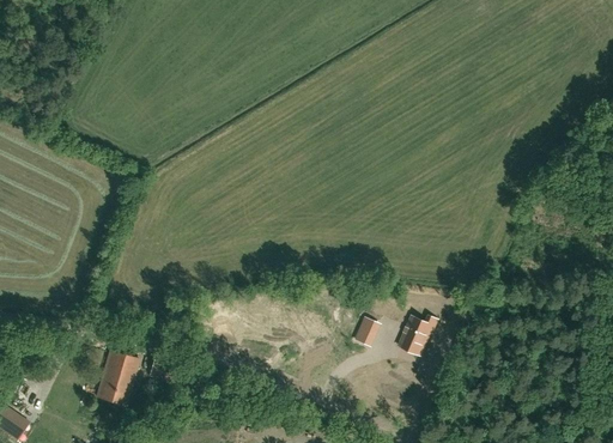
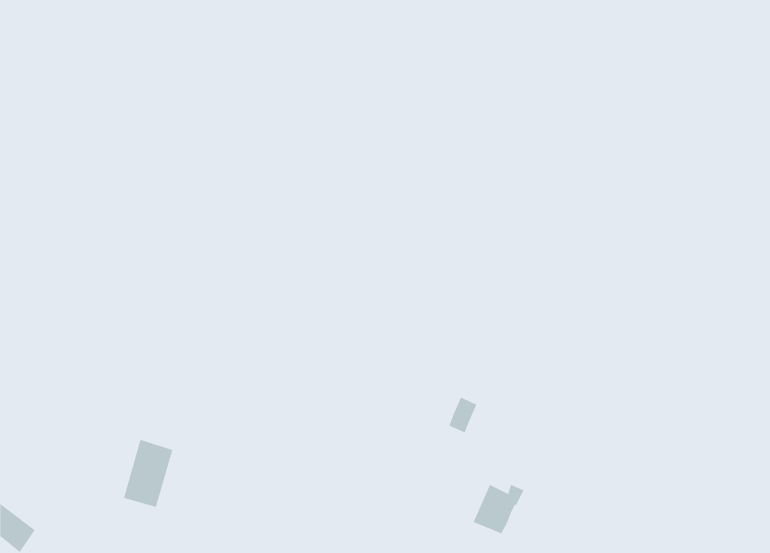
building: [397,315,438,354] -> [473,484,524,534]

